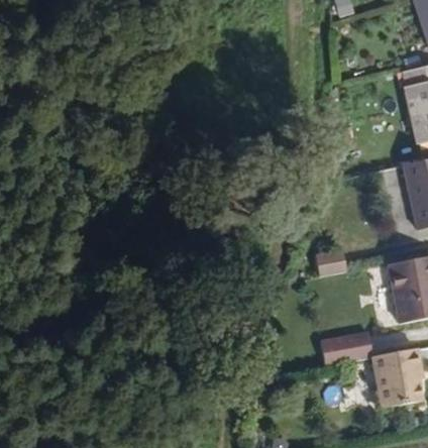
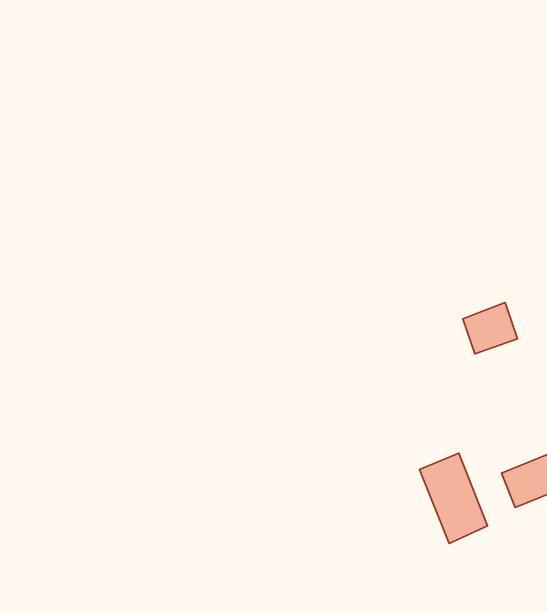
building: none -> [420,453,488,543]

